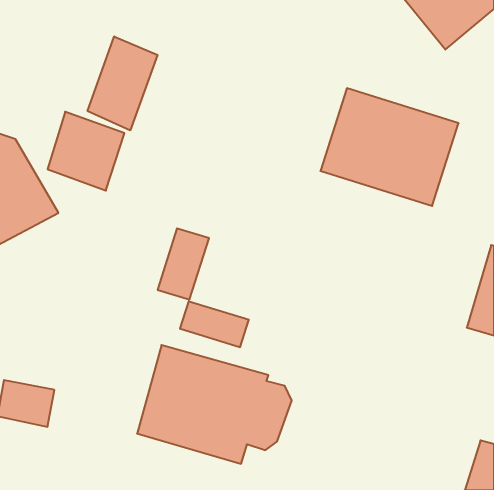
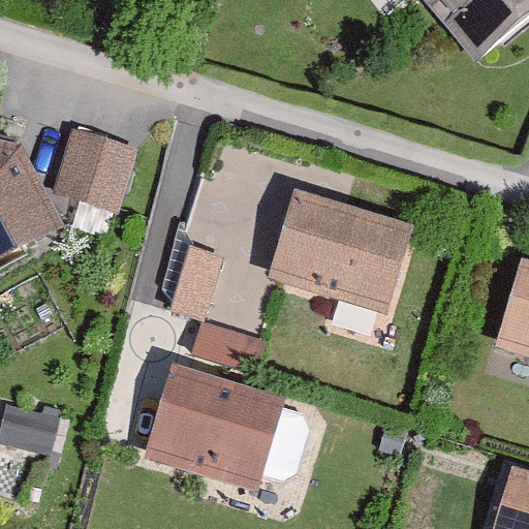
building: [88,36,157,130] -> none
building: [320,88,459,206] -> [266,191,412,316]

